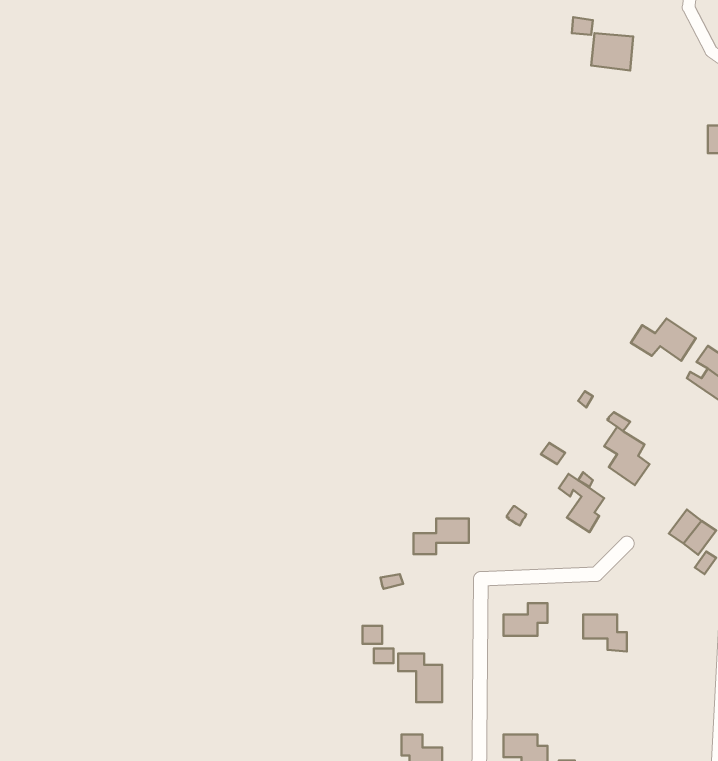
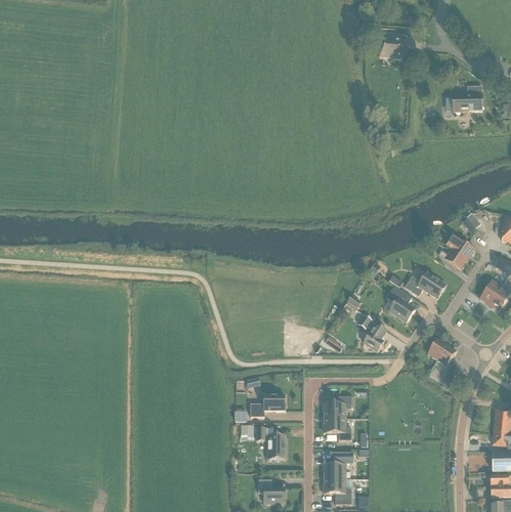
building: [631,319,696,361] -> [404,271,445,298]
building: [414,519,469,554] -> [249,394,284,417]
building: [583,614,627,652] -> [323,417,350,440]
building: none -> [323,457,350,479]

